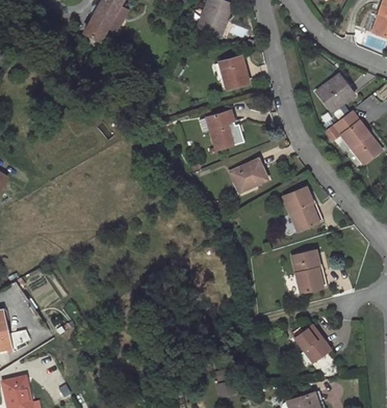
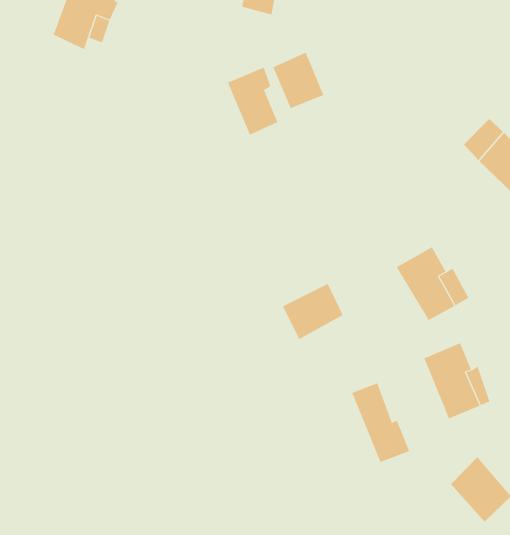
building: [316,75,355,109] -> none
building: [209,111,238,153] -> [227,67,278,135]
building: [238,154,276,187] -> [282,283,343,340]
building: none -> [352,383,410,463]

